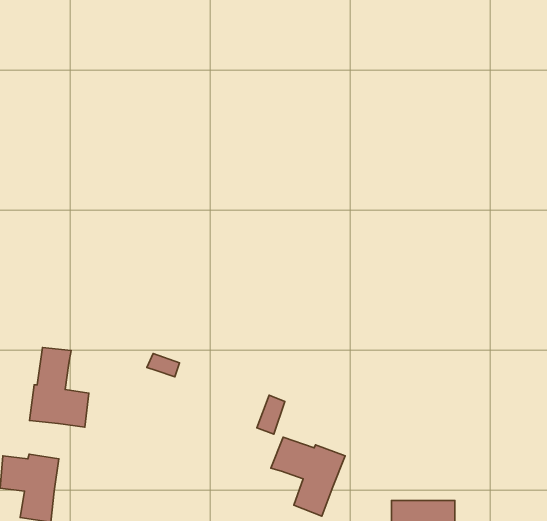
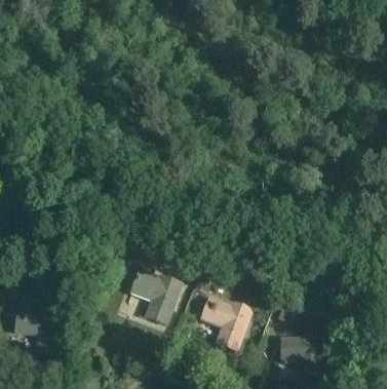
building: [29,347,89,427] -> none
building: none -> [129,263,179,324]

